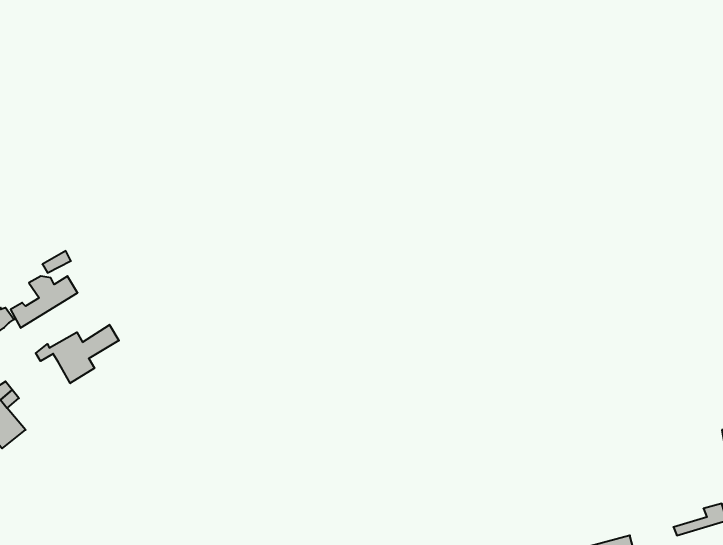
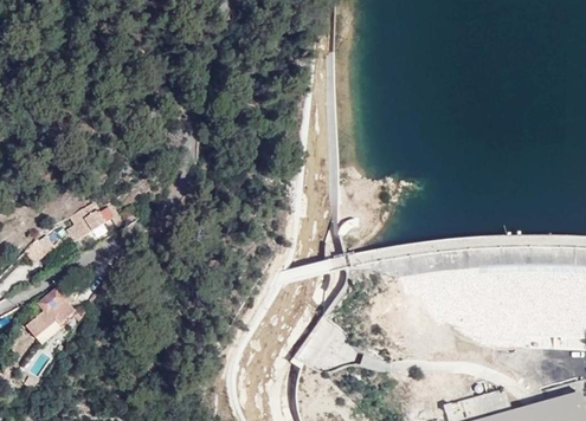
building: [36,325,119,383] -> none

